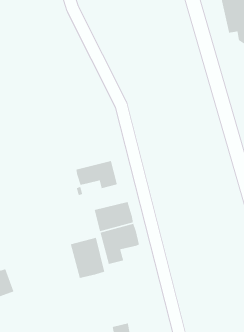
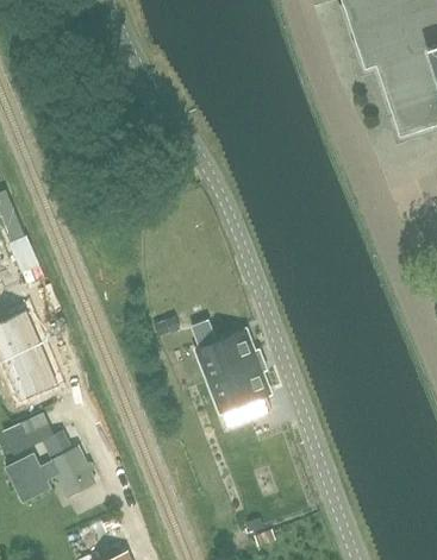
building: [76,160,118,189] -> none
building: [70,237,105,279] -> none

